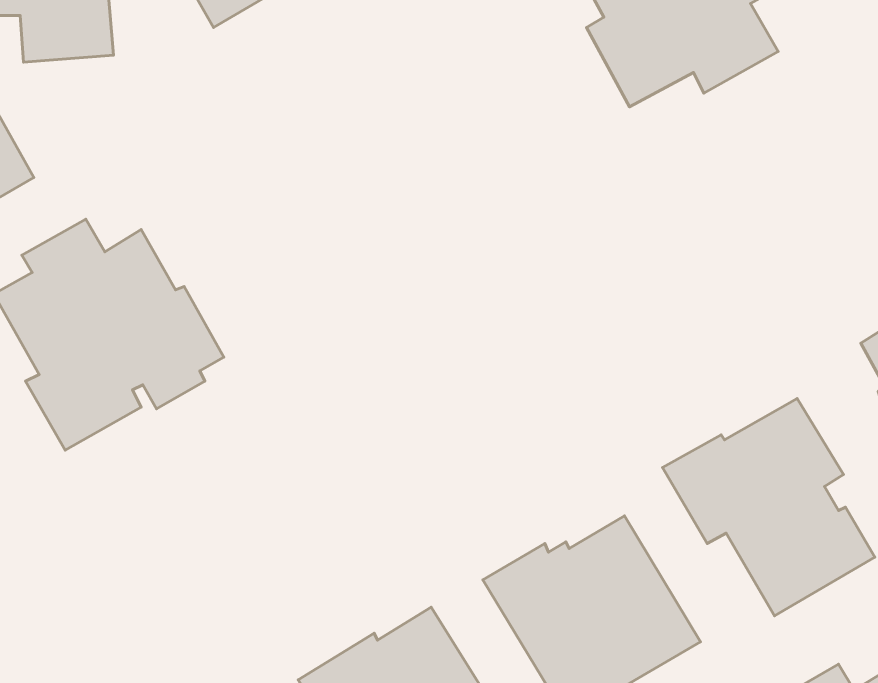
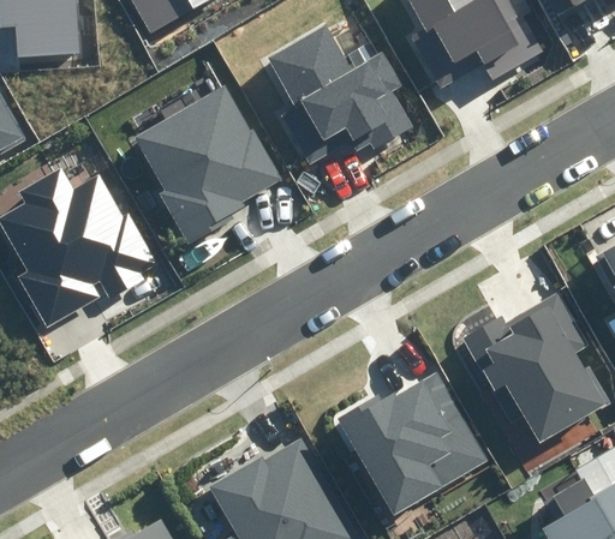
building: none -> [268,28,412,167]
building: none -> [133,85,282,244]

